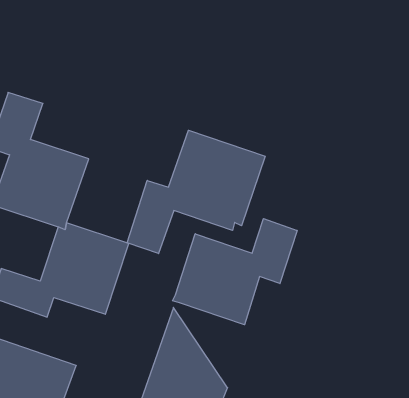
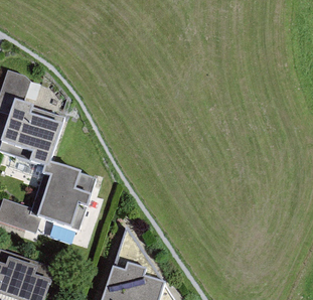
building: [127,130,265,254] -> none
building: [173,219,297,325] -> none

